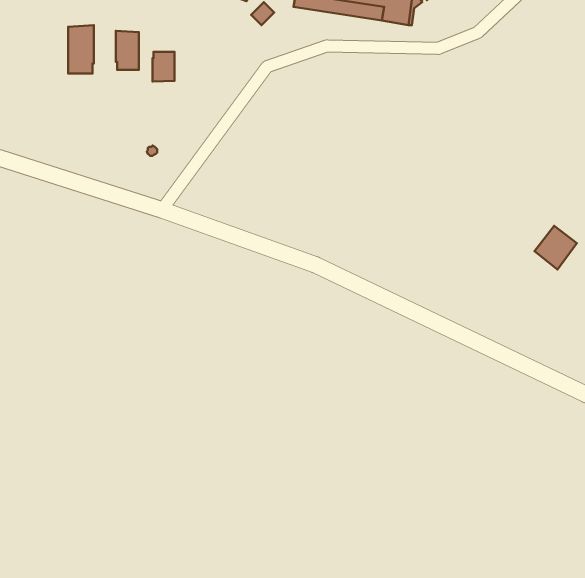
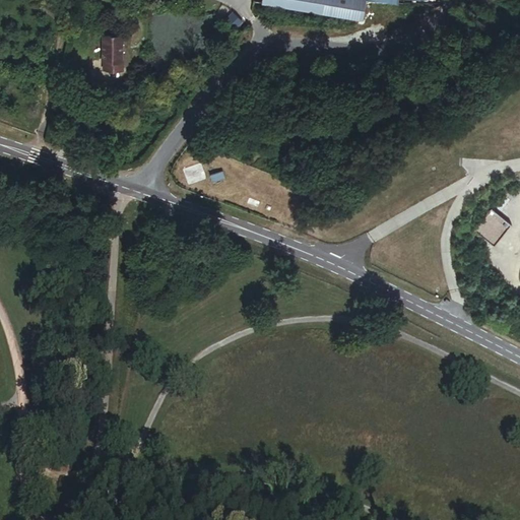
building: [68,25,94,74] -> none
building: [153,52,174,82] -> none

